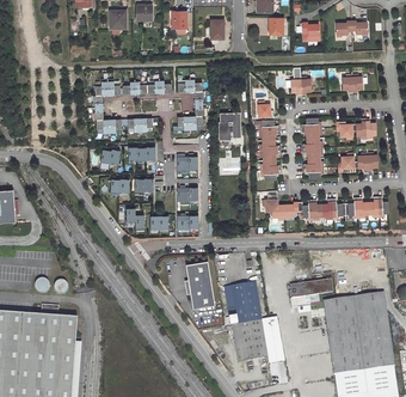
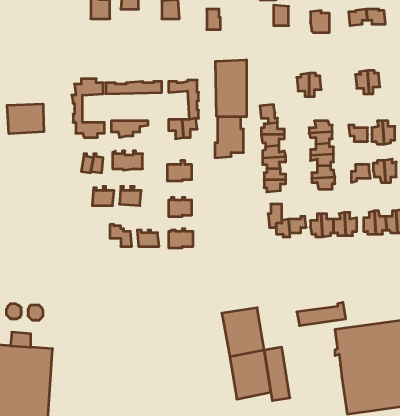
building: none -> [216,60,246,117]
building: none -> [7,104,44,134]
building: [185,262,215,310] -> none

